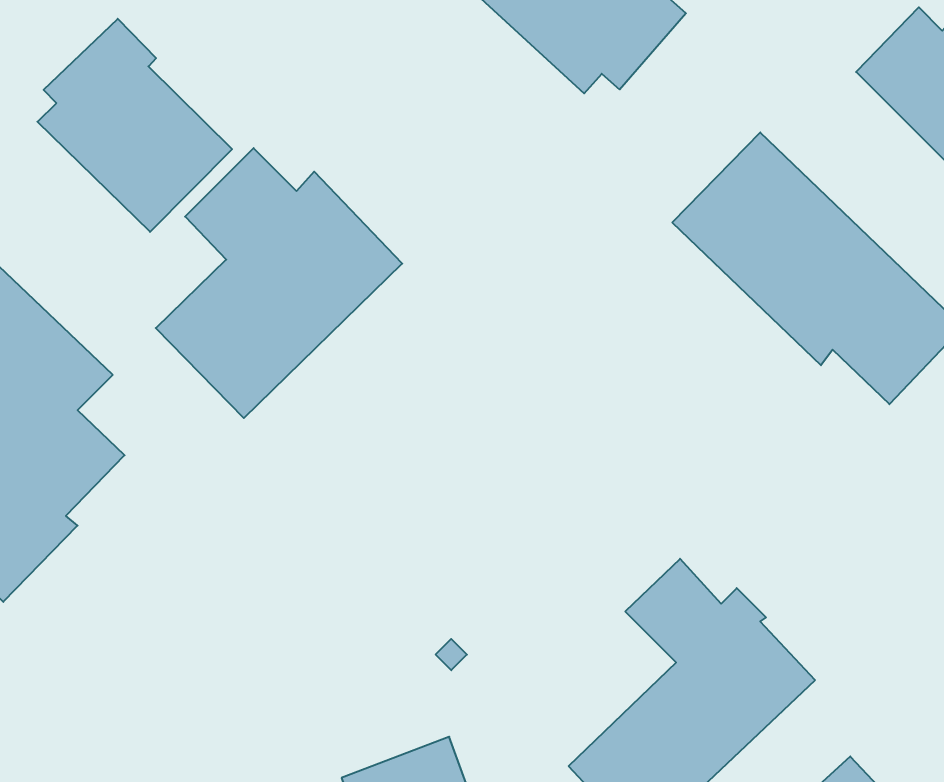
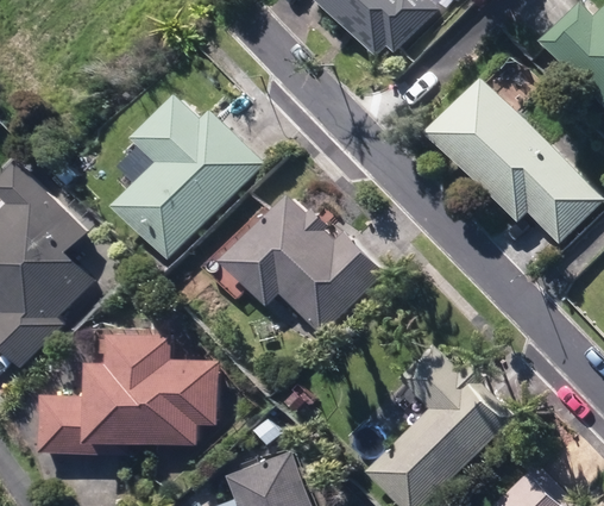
building: [37,19,232,232] -> none
building: none -> [210,192,383,332]
building: none -> [37,331,220,454]

